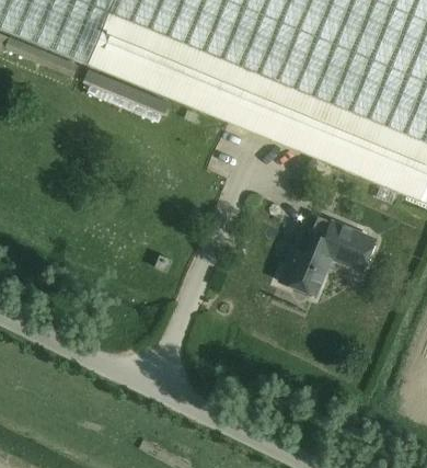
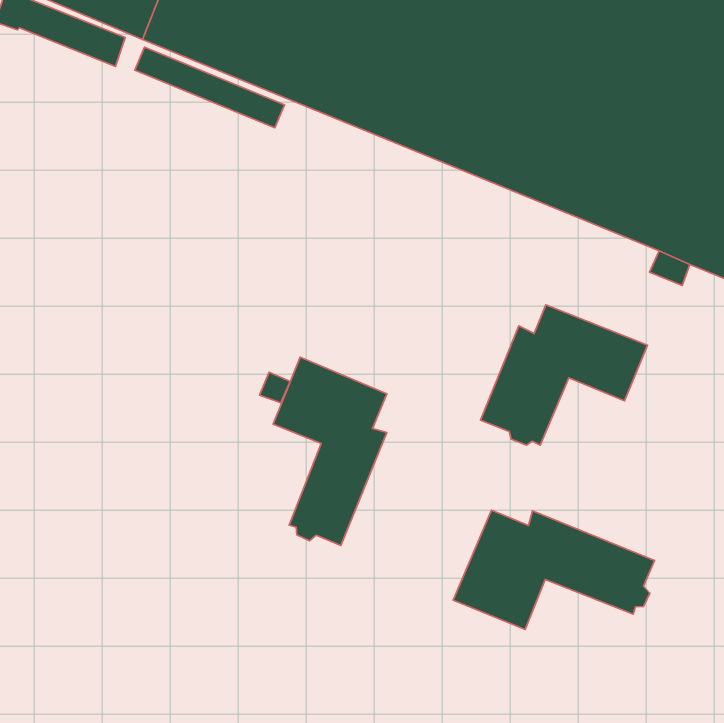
building: none -> [273,357,387,546]
building: none -> [453,510,654,630]

